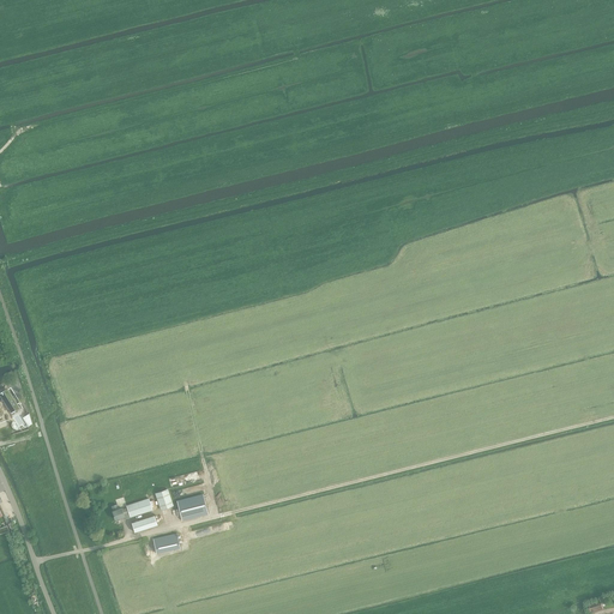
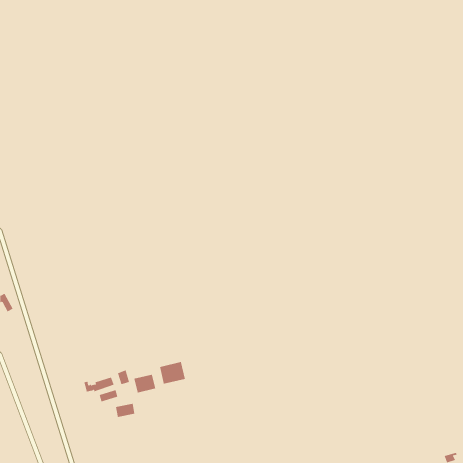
building: none -> [159,361,185,385]

